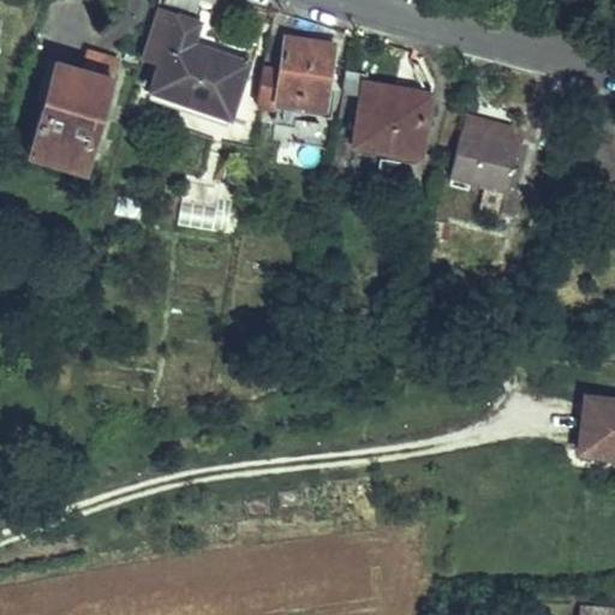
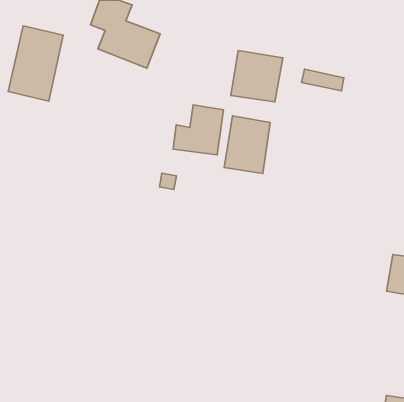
building: [258,41,334,115] -> [173,105,224,155]
building: [450,136,520,197] -> none
building: none -> [224,116,270,174]

